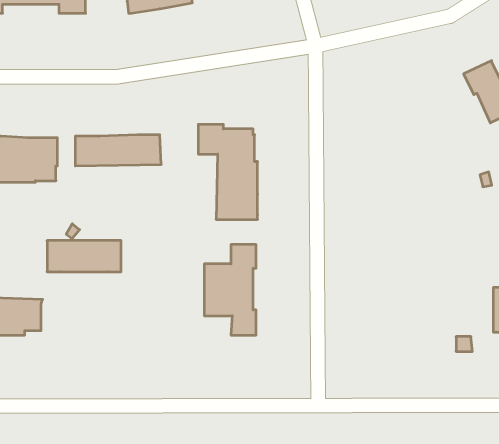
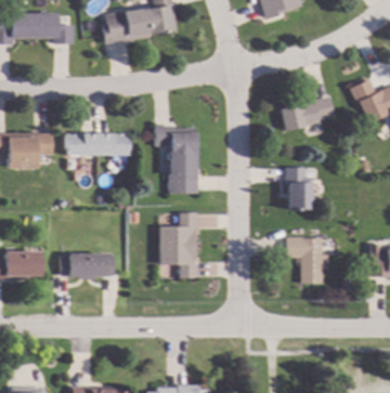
building: none -> [280,95,334,131]
building: none -> [285,167,313,210]
building: [47,241,121,272] -> [60,253,114,276]
building: none -> [286,237,328,283]

